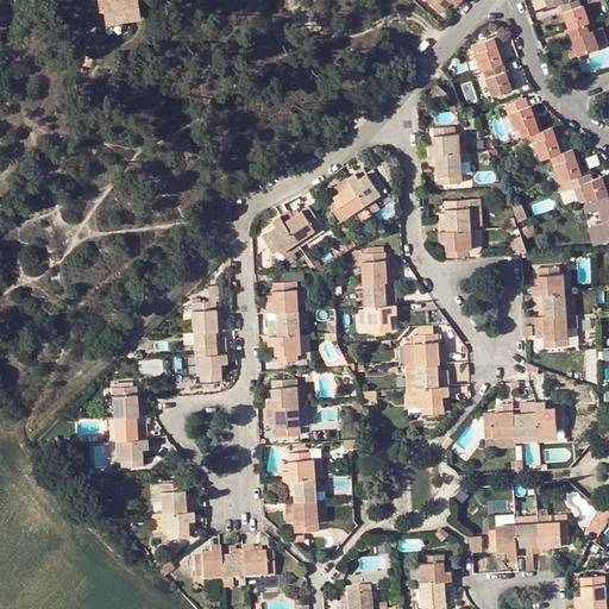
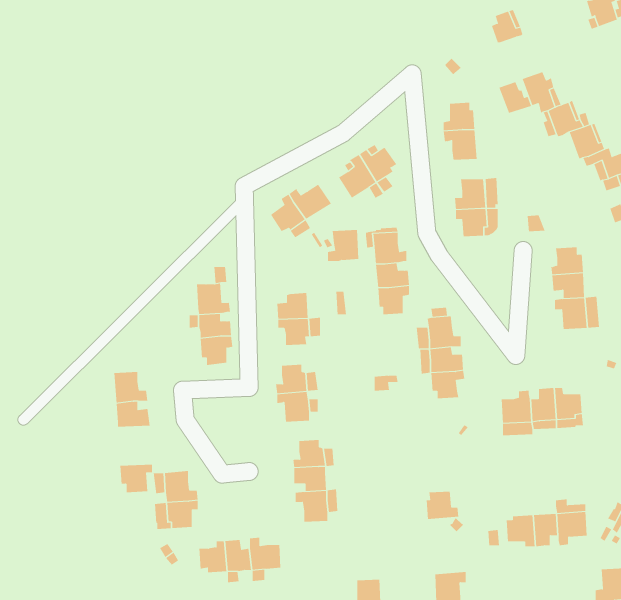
building: [483,65,515,96] -> [499,81,532,113]
building: [266,283,297,314] -> [327,229,359,262]
building: [114,440,146,467] -> [120,464,153,493]
building: [419,555,451,583] -> [426,491,459,519]

